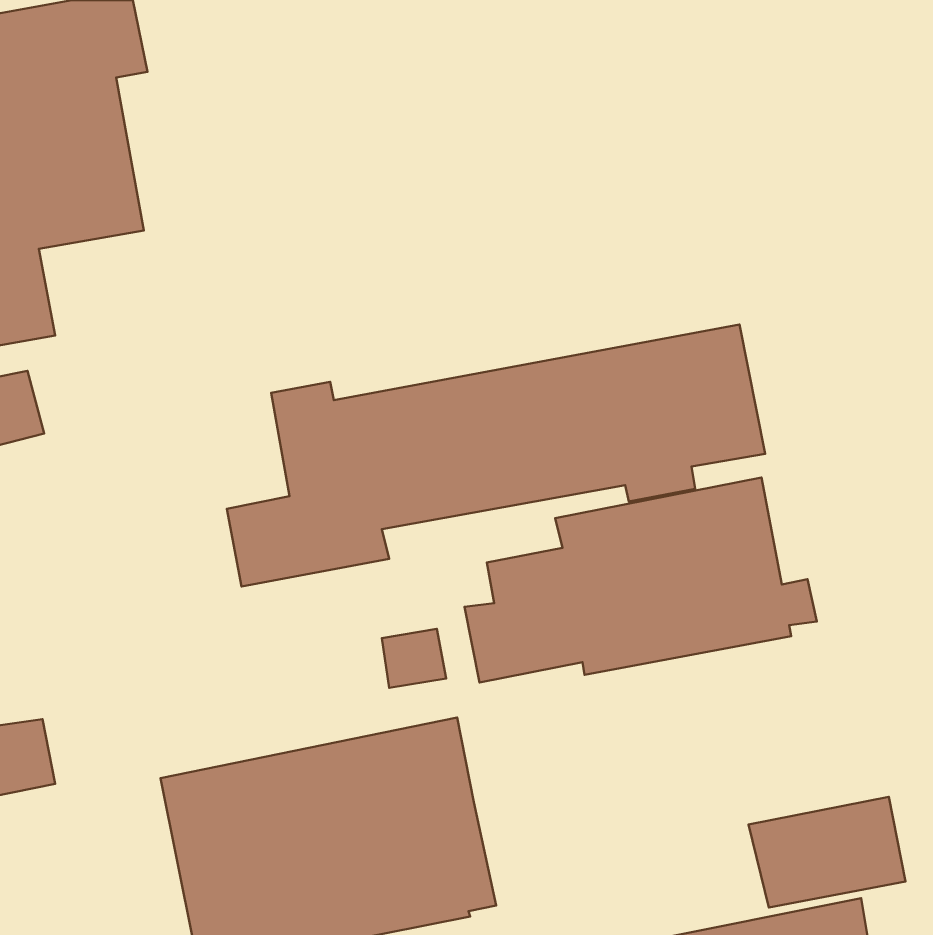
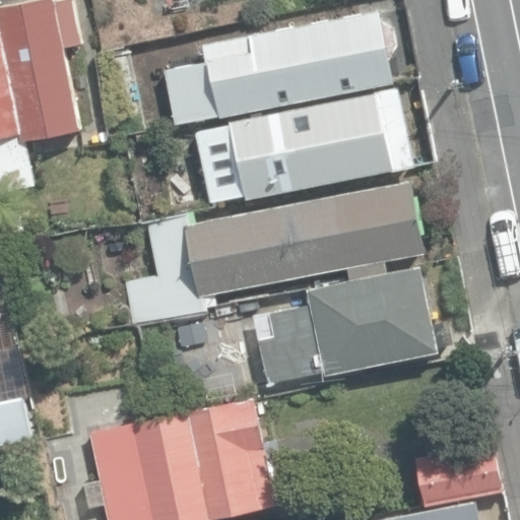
building: none -> [161,14,394,127]
building: none -> [195,90,411,204]

